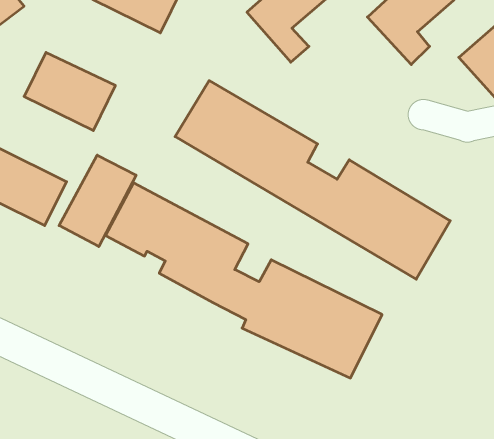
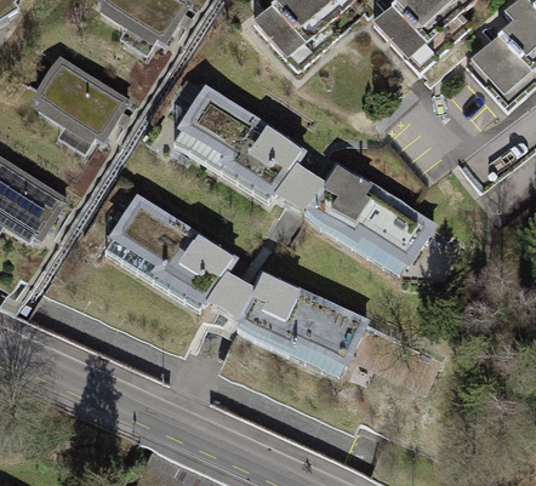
building: [59,155,136,247] -> none

